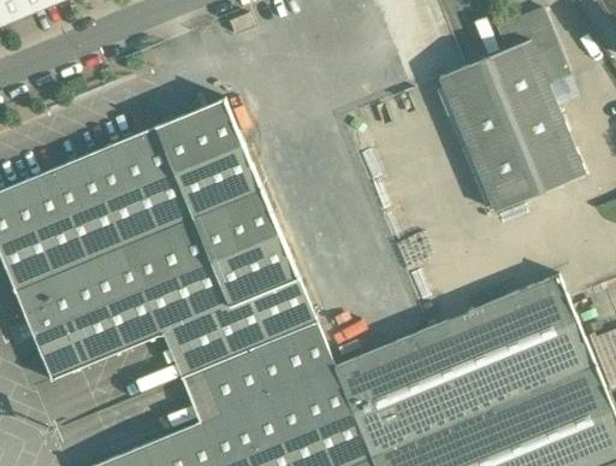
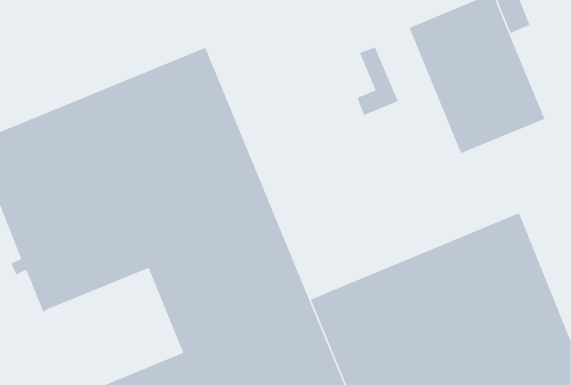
building: none -> [356,46,399,116]

